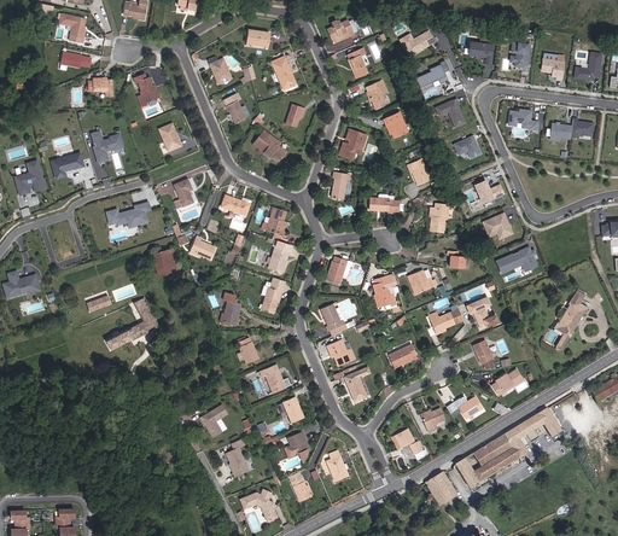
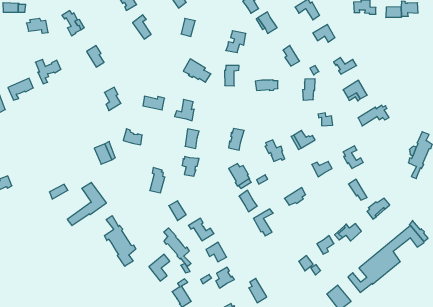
building: [251,128,286,161] -> [183,59,211,82]
building: [106,203,151,226] -> none
building: none -> [105,216,136,266]
building: none -> [164,228,191,266]

